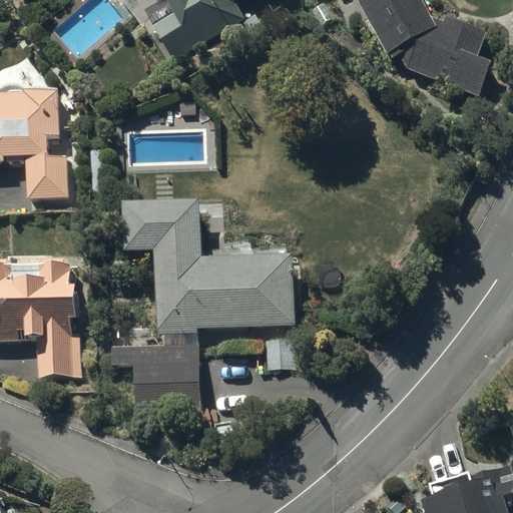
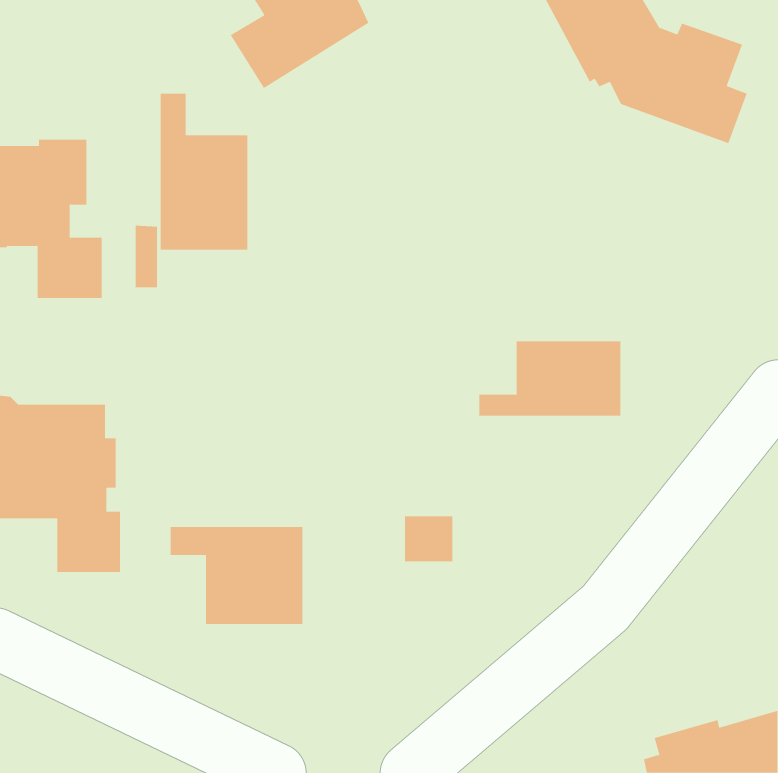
building: none -> [160,93,248,251]
building: [123,190,300,333] -> none
building: none -> [479,340,621,417]

